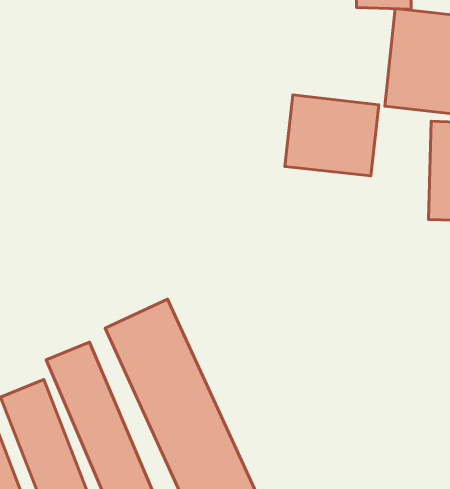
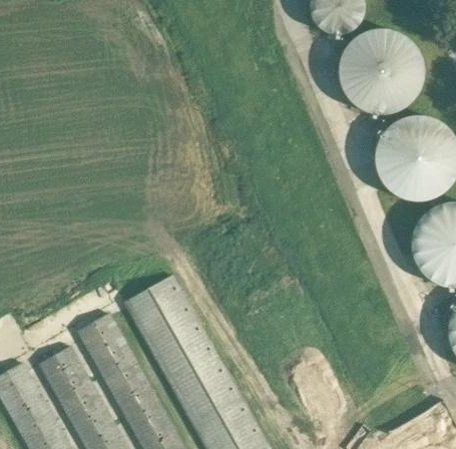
building: [285,95,379,176] -> none

